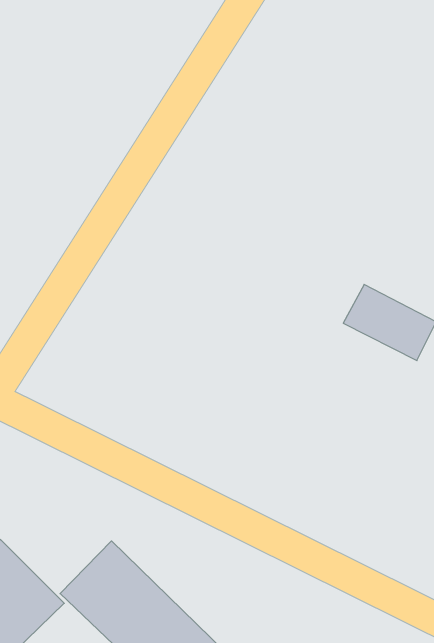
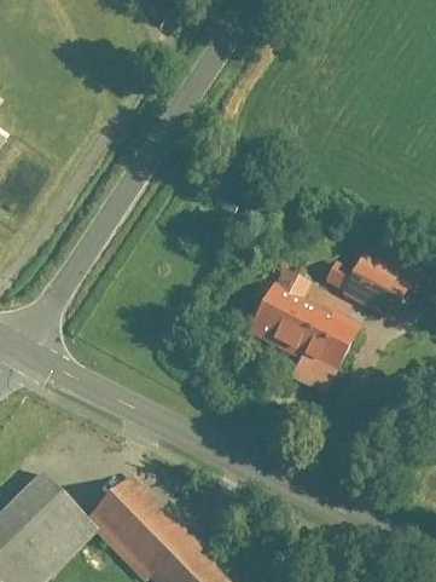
building: none -> [254,271,366,379]

